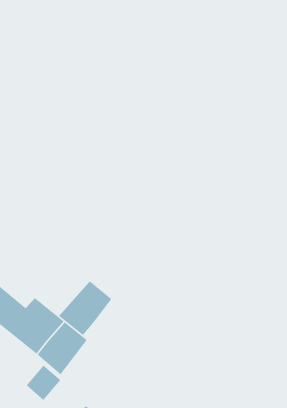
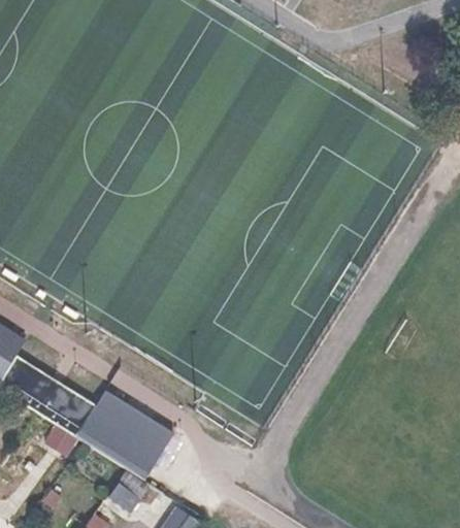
building: [58,280,112,336] -> none

